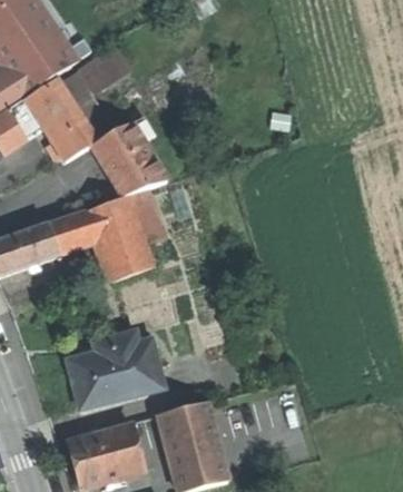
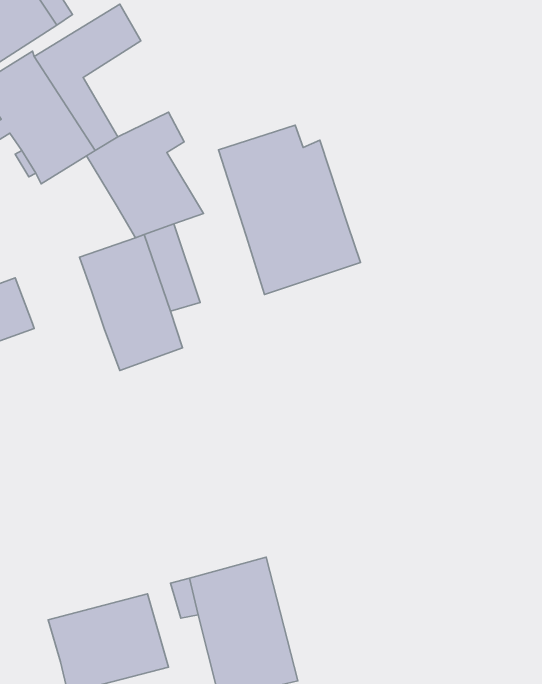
building: none -> [218,125,361,294]
building: [46,209,95,252] -> none
building: [69,333,164,407] -> none

